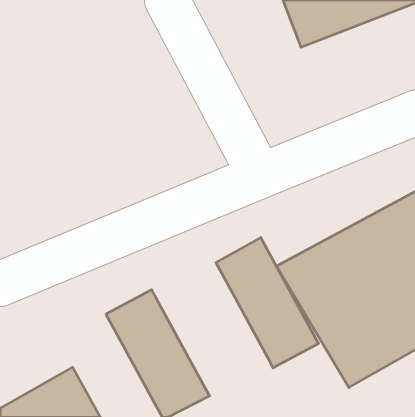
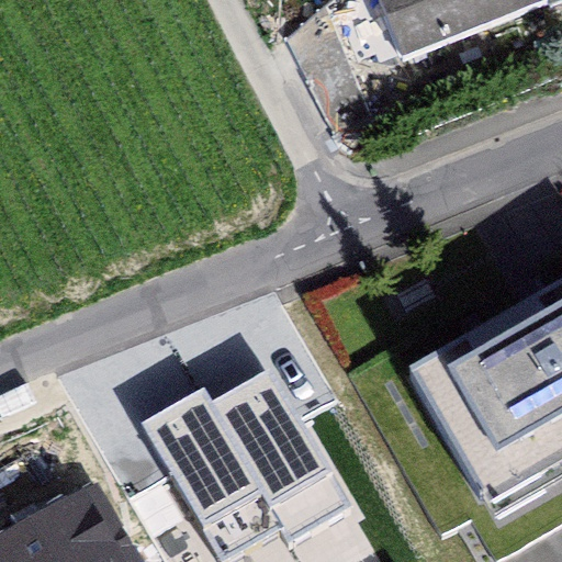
building: [216,237,319,368] -> [213,368,351,543]

